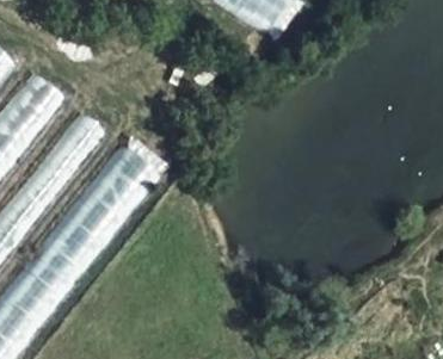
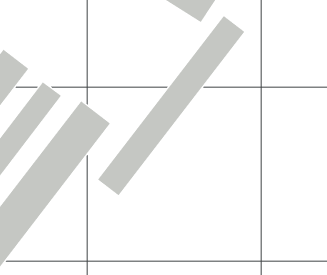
building: none -> [97,15,245,196]

